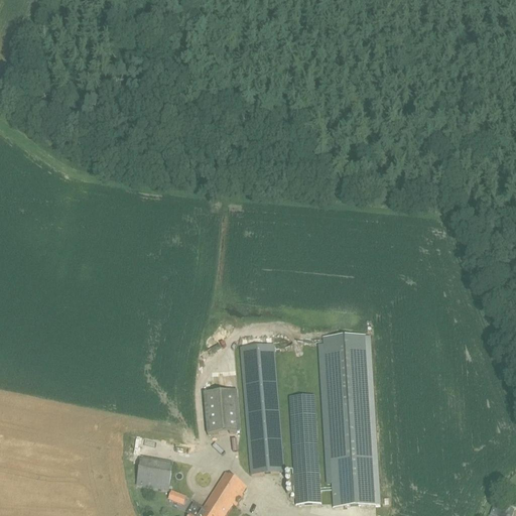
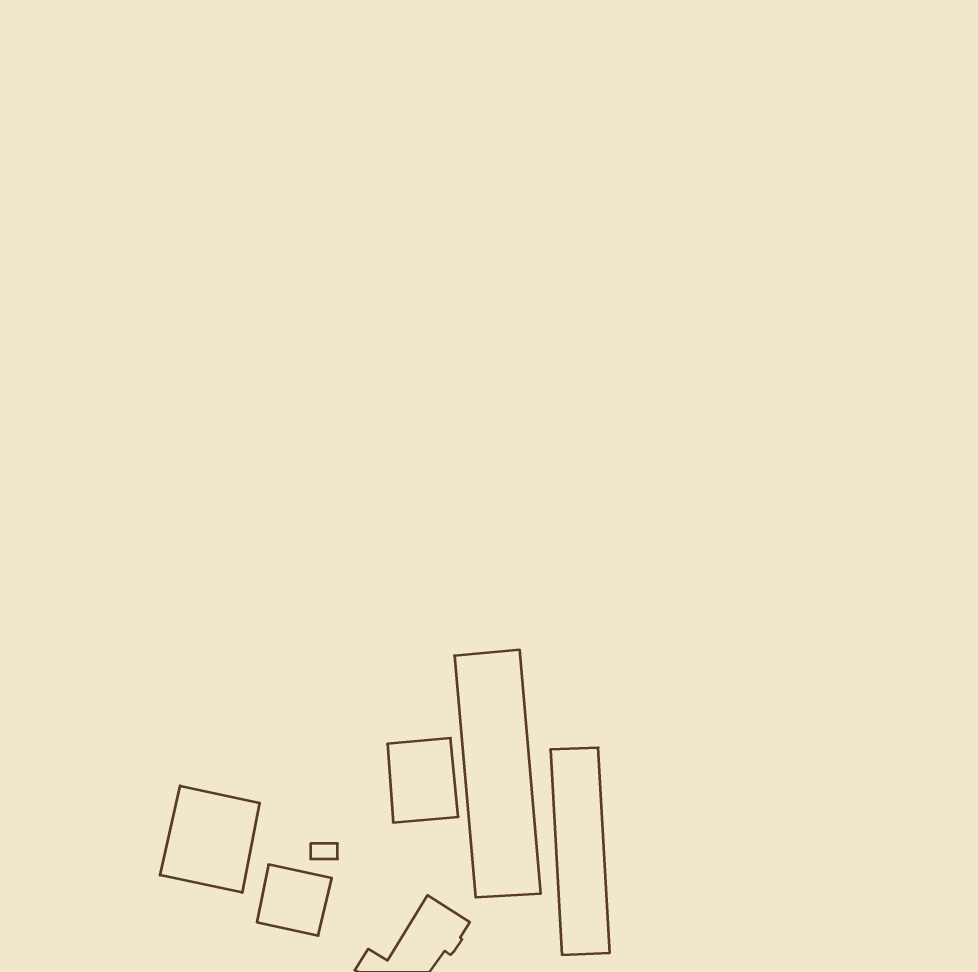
building: [322,333,374,504] -> none
building: none -> [160,786,260,893]

